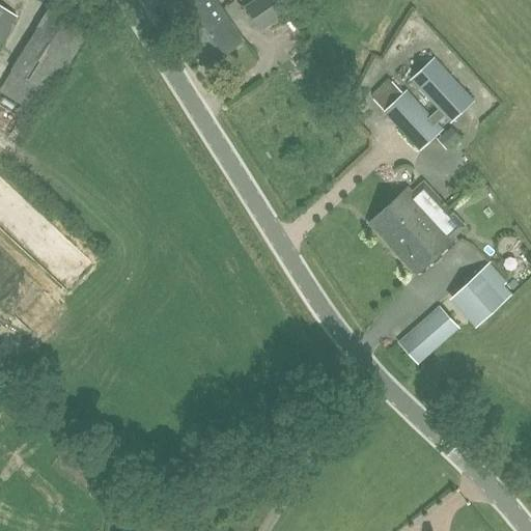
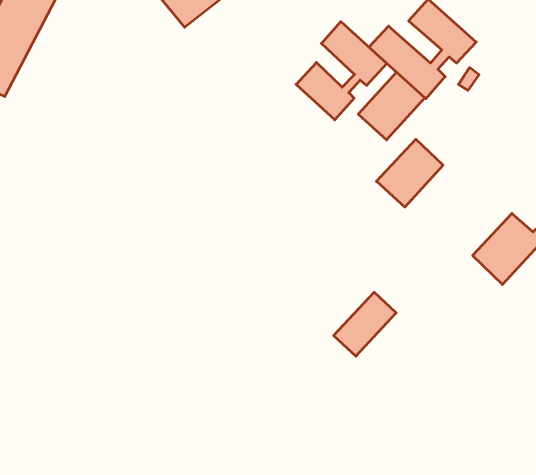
building: none -> [296,22,387,120]
building: [393,212,455,273] -> [358,72,425,140]
building: [400,305,459,362] -> [334,292,396,356]

